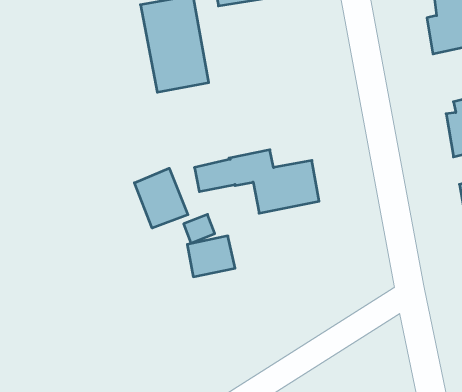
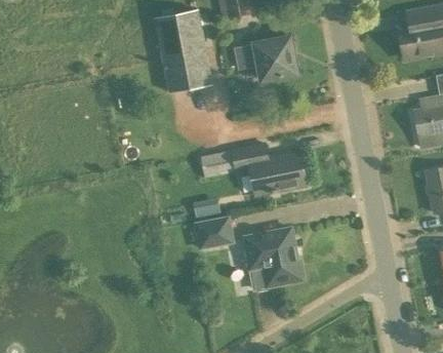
building: none -> [234,37,297,81]
building: [134,168,188,228] -> none
building: none -> [244,228,306,289]

